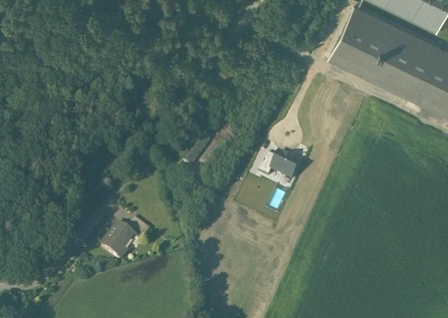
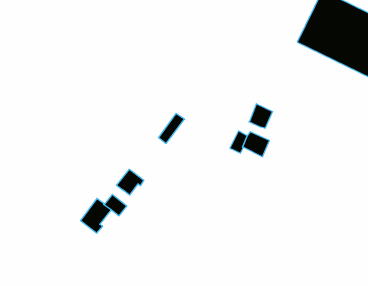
building: none -> [249,104,273,128]
building: none -> [117,169,144,195]

